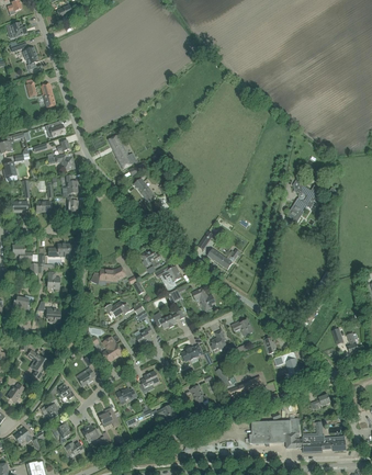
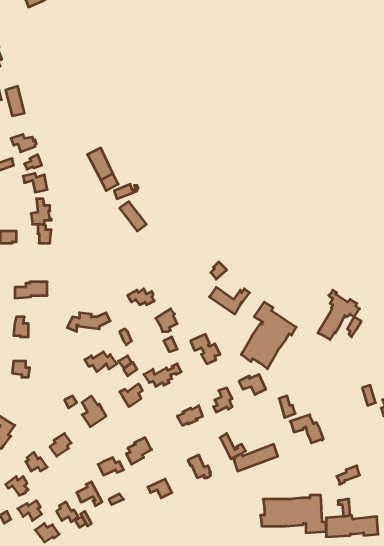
building: [288,181,322,222] -> [318,290,360,340]
building: none -> [241,302,296,369]

